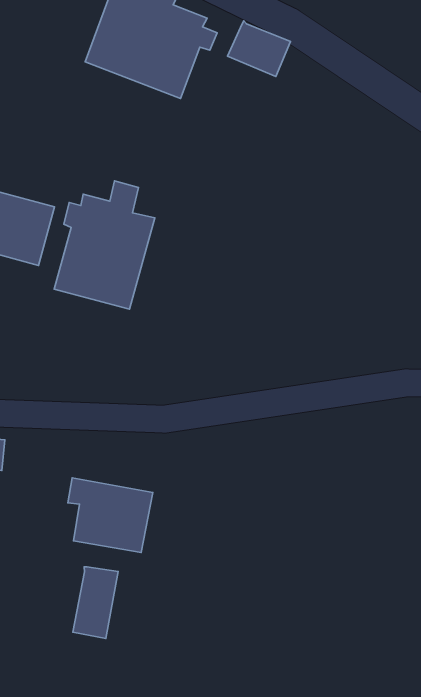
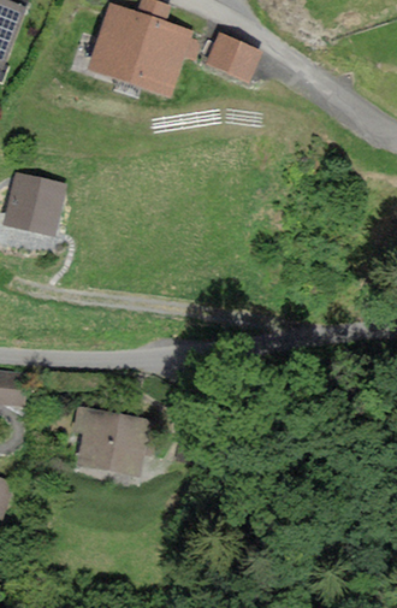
building: [54,181,155,309] -> none
building: [73,567,118,639] -> none

